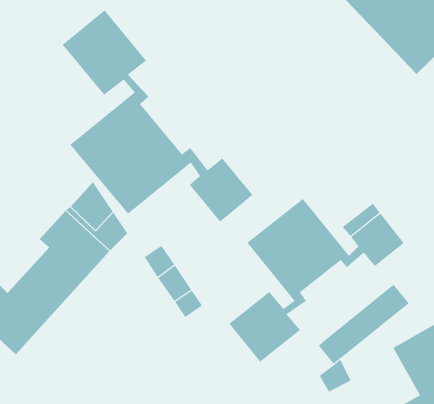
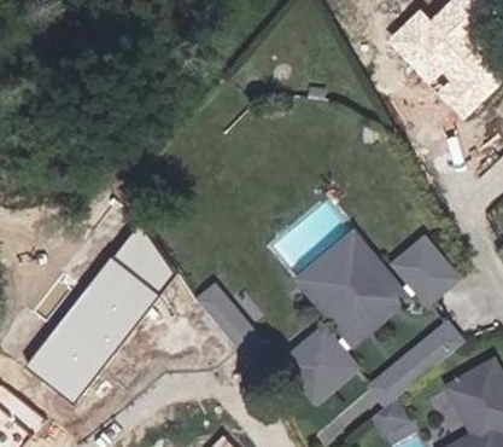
building: [62,10,253,223] -> none

